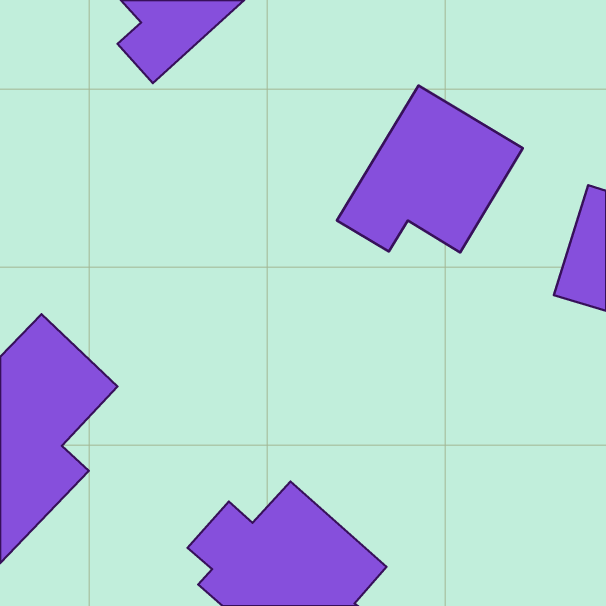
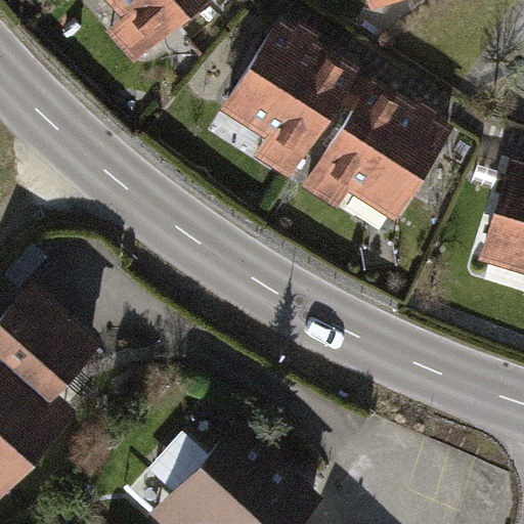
building: none -> [222,23,361,190]

